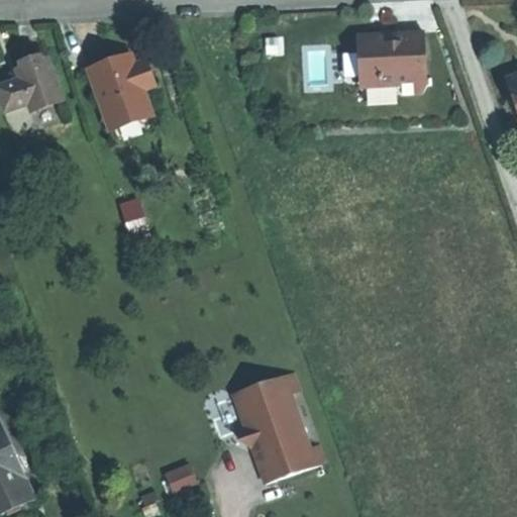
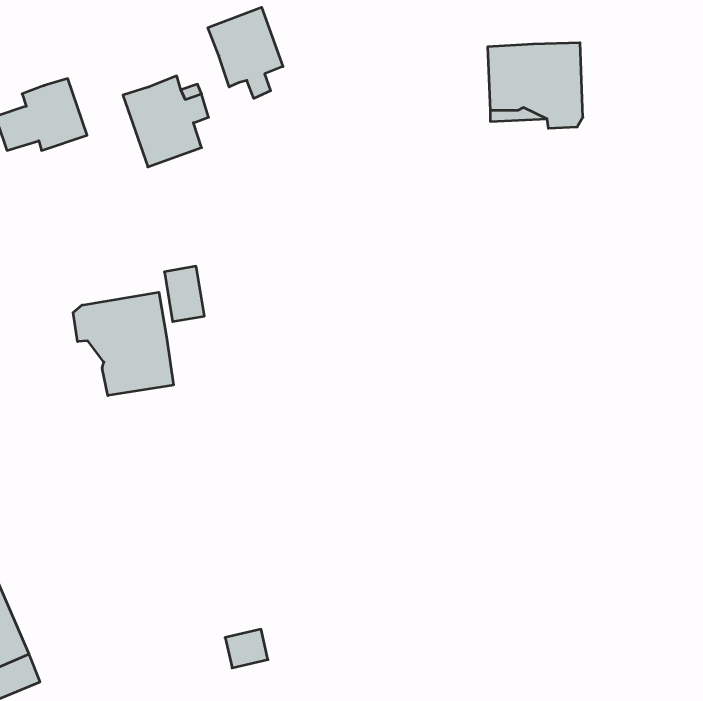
building: none -> [208,7,283,98]
building: none -> [73,292,173,396]
building: [233,372,324,483] -> none

